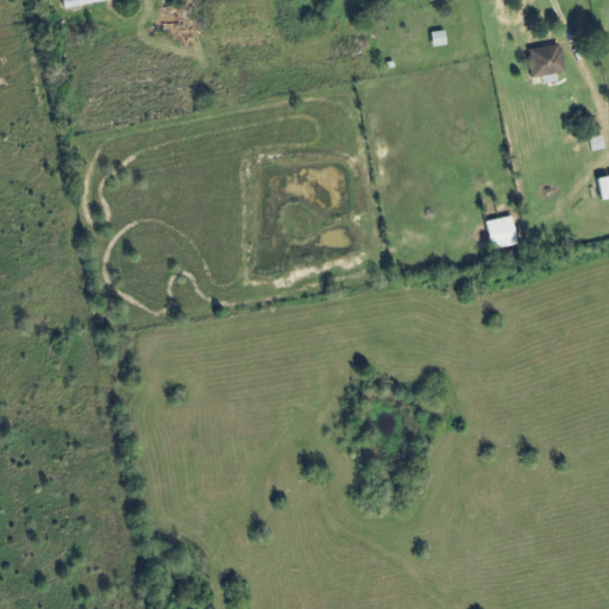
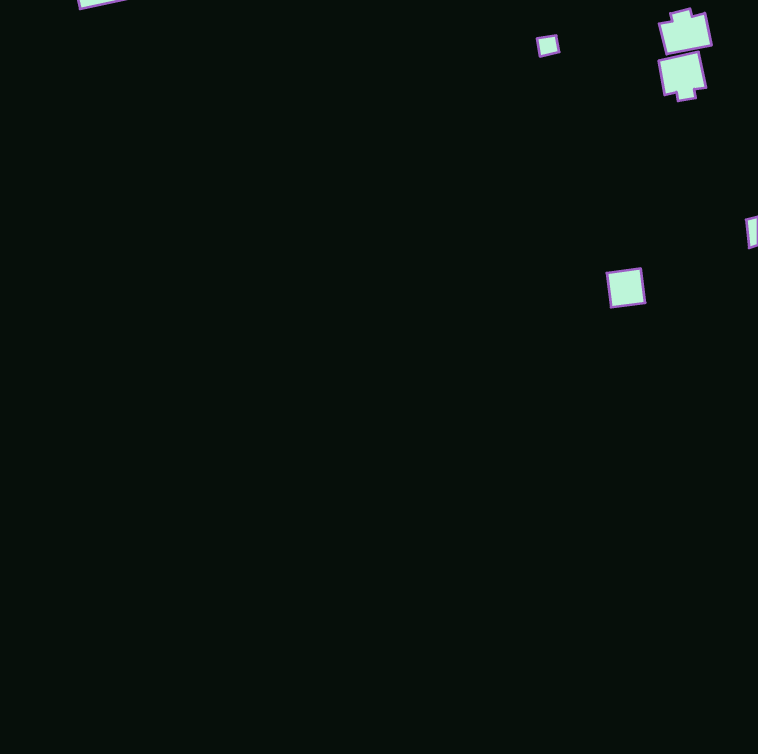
building: none -> [659,9,711,54]

